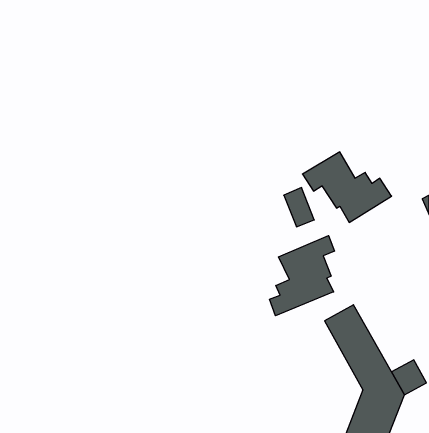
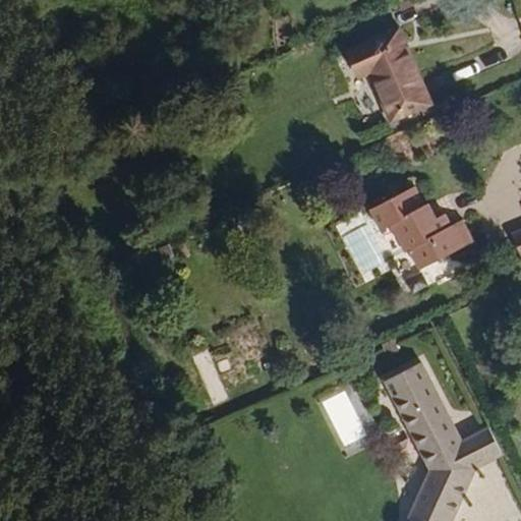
building: none -> [331,20,418,115]
building: [269,236,335,316] -> none

